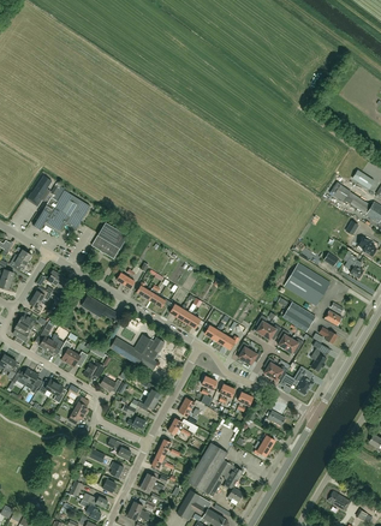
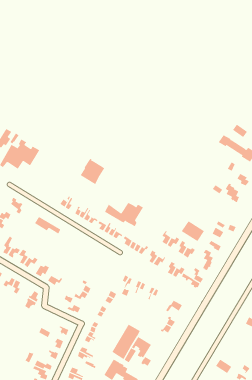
building: [93,223,127,259] -> [80,158,105,185]
building: [284,263,331,306] -> none
building: [111,335,165,369] -> [104,202,144,227]

